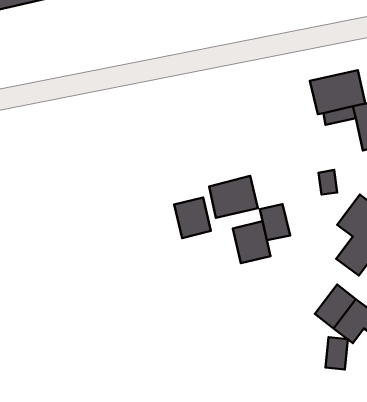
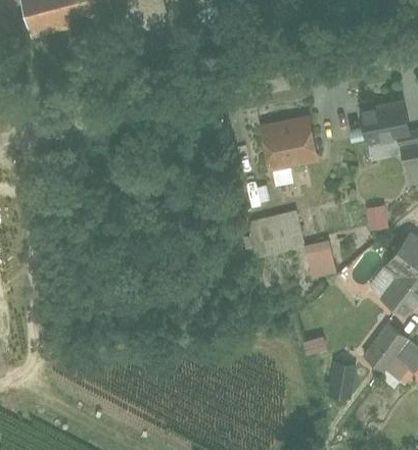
building: none -> [263,114,324,169]
building: [174,197,211,238] -> none
building: [233,221,270,263] -> none
building: [325,337,348,370] -> [328,361,352,395]

